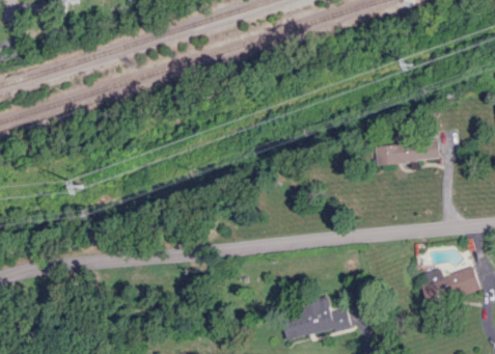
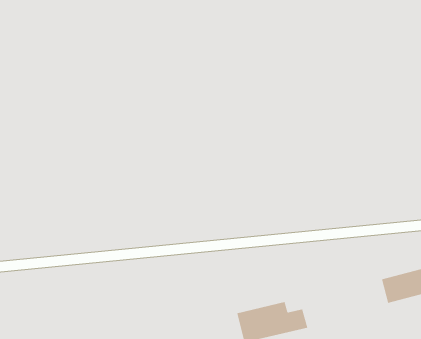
building: [376,130,438,165] -> none

